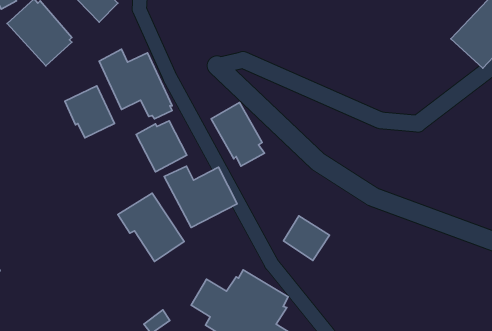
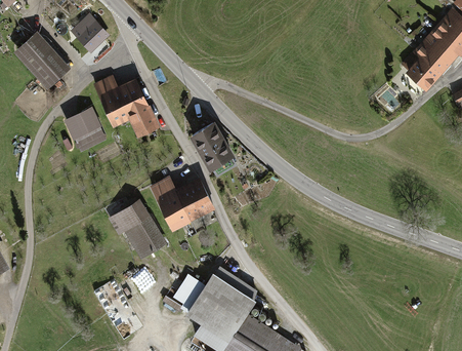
building: [136,121,187,172] -> none
building: [283,216,330,260] -> none

